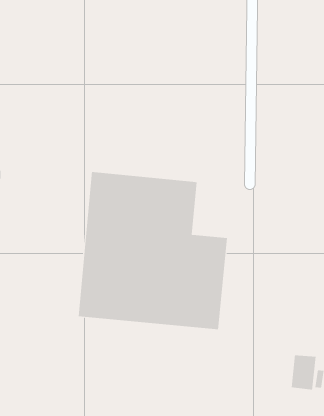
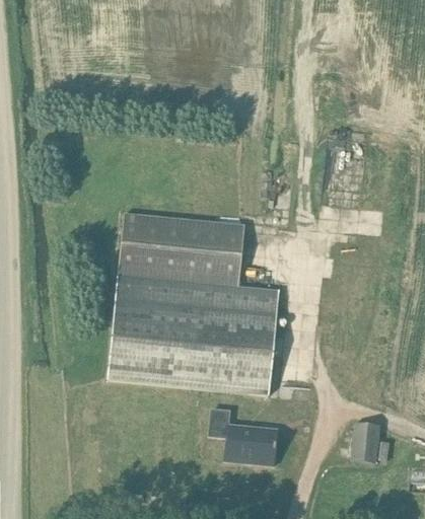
building: none -> [209,410,277,464]

